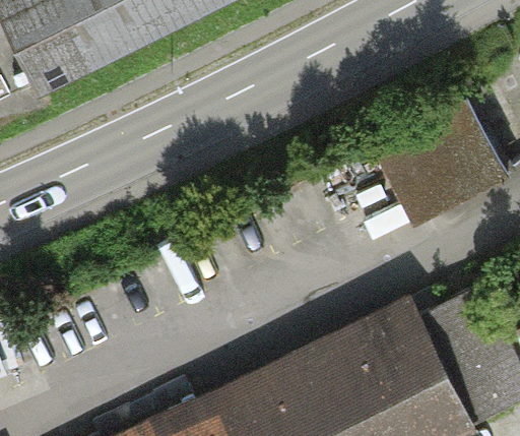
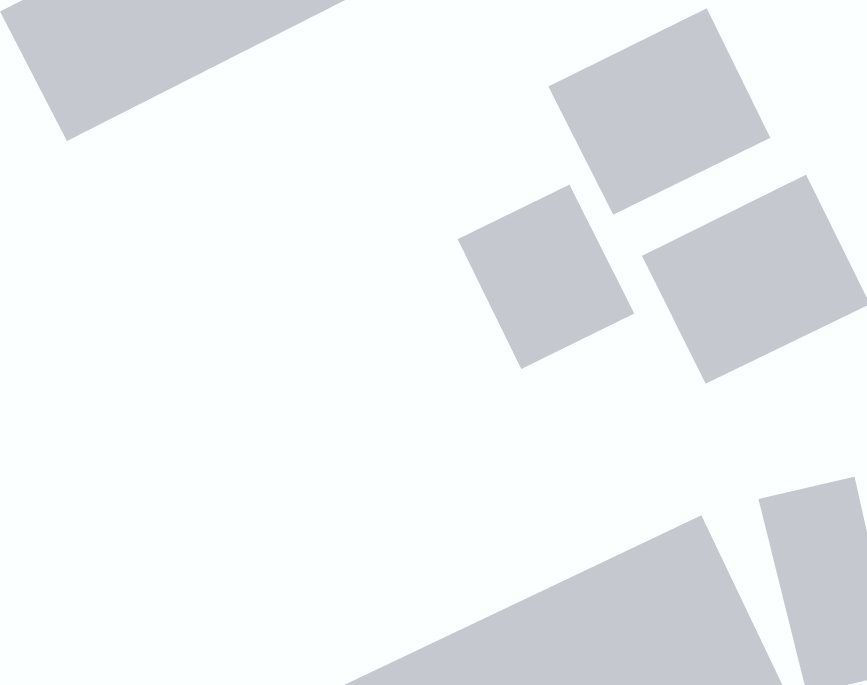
building: none -> [547,7,772,216]
building: none -> [456,183,636,370]

